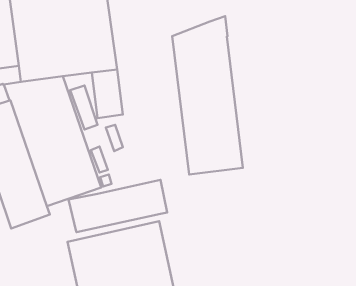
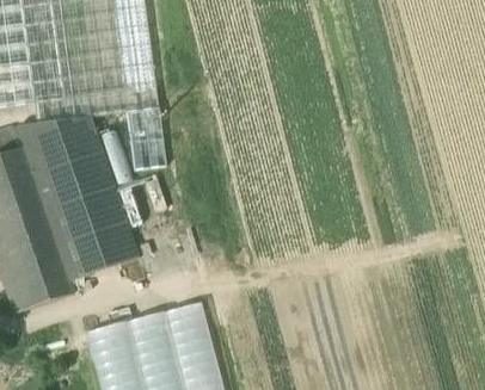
building: [172,16,243,175] -> none
building: [68,180,167,232] -> none

